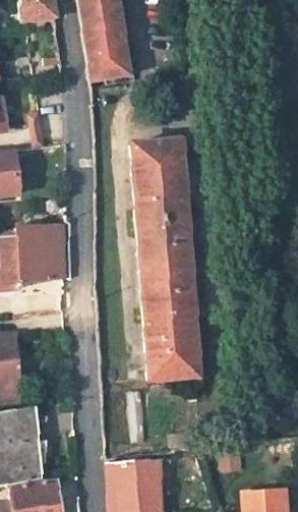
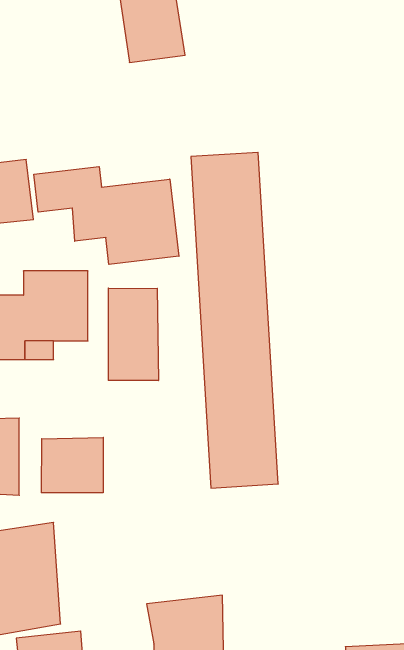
building: none -> [34,167,179,264]
building: none -> [108,288,158,381]
building: none -> [41,437,103,493]

